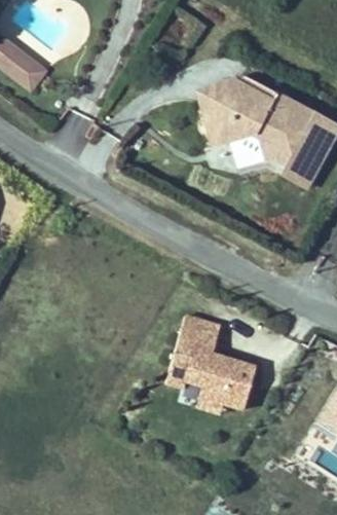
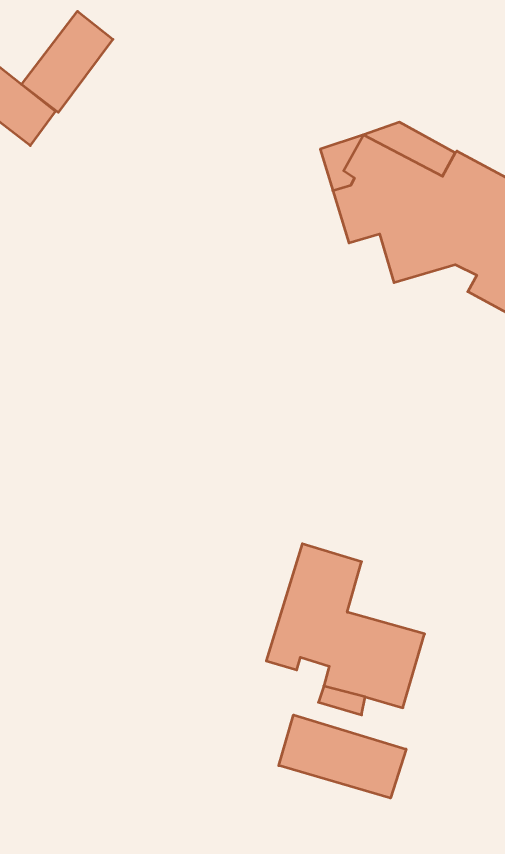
building: none -> [21,11,113,112]
building: none -> [279,715,406,798]

